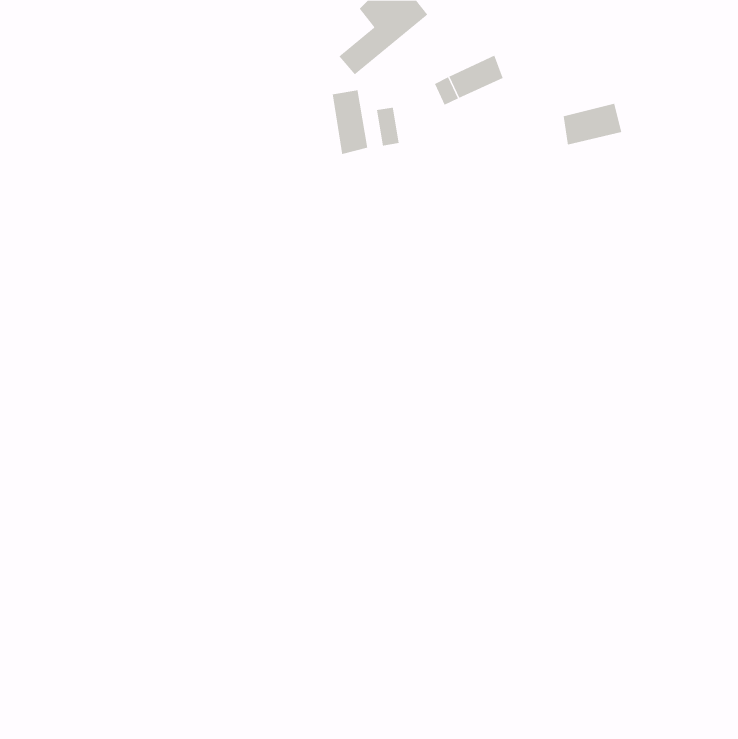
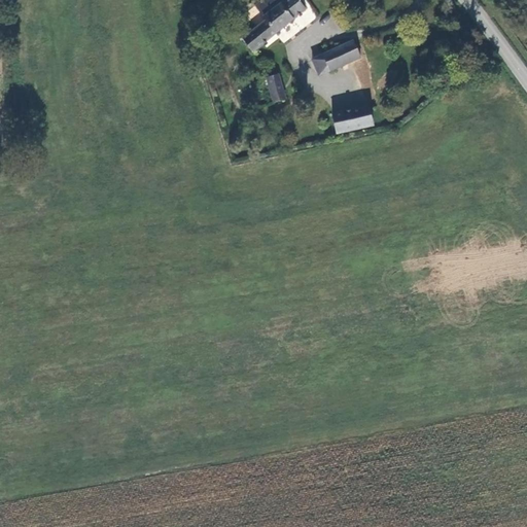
building: [332,90,368,155] -> none
building: [563,103,622,145] -> [332,104,375,134]

